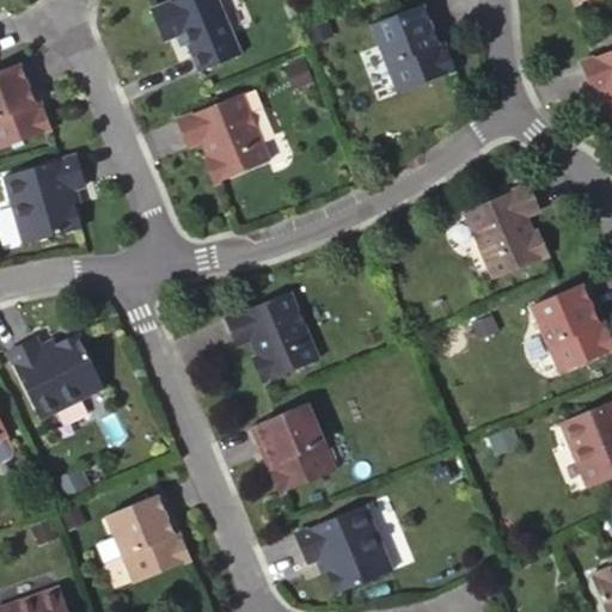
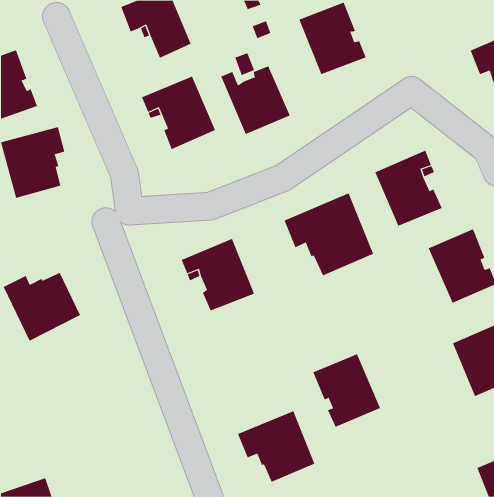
building: none -> [221,65,290,135]
building: none -> [284,192,374,276]
building: [252,403,336,494] -> [313,354,381,428]
building: [105,492,190,583] -> none

